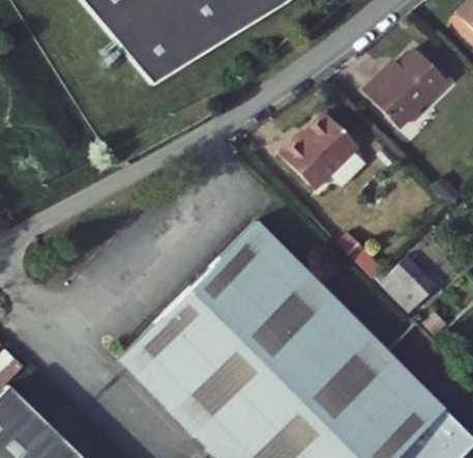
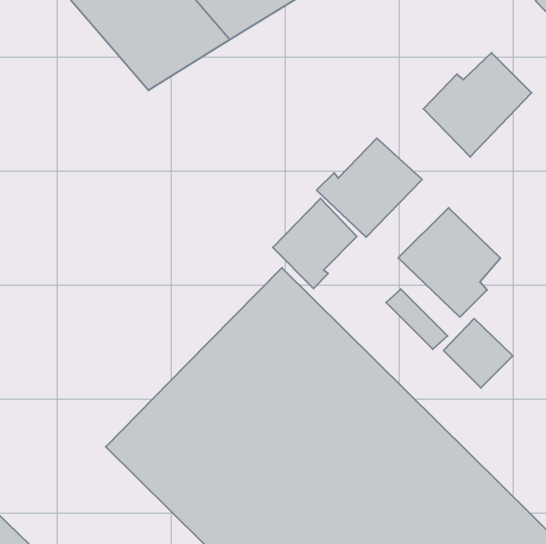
building: none -> [273,198,357,289]
building: none -> [398,208,500,317]

